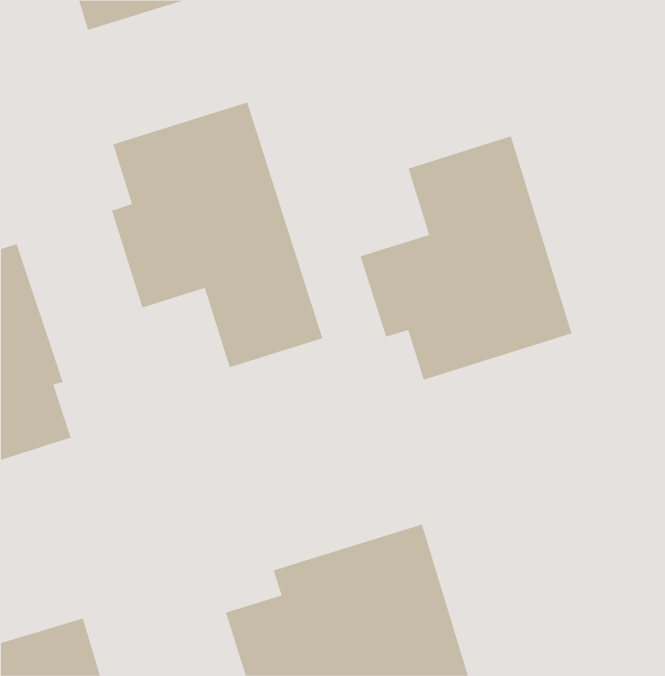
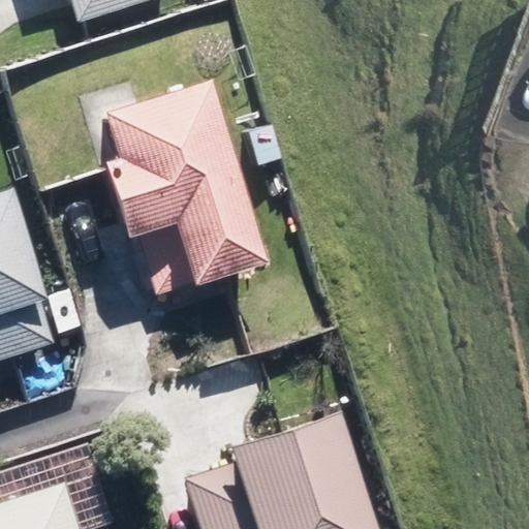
building: [360,136,572,381] -> none

